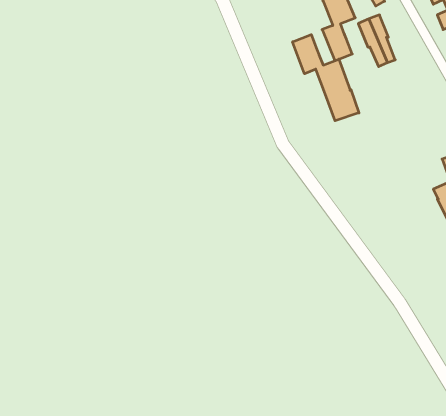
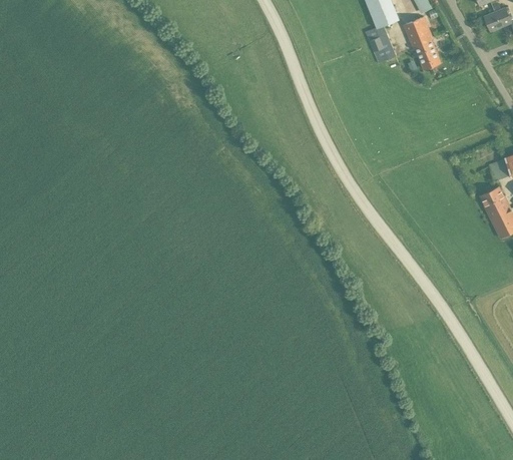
building: [293,35,359,121] -> none

